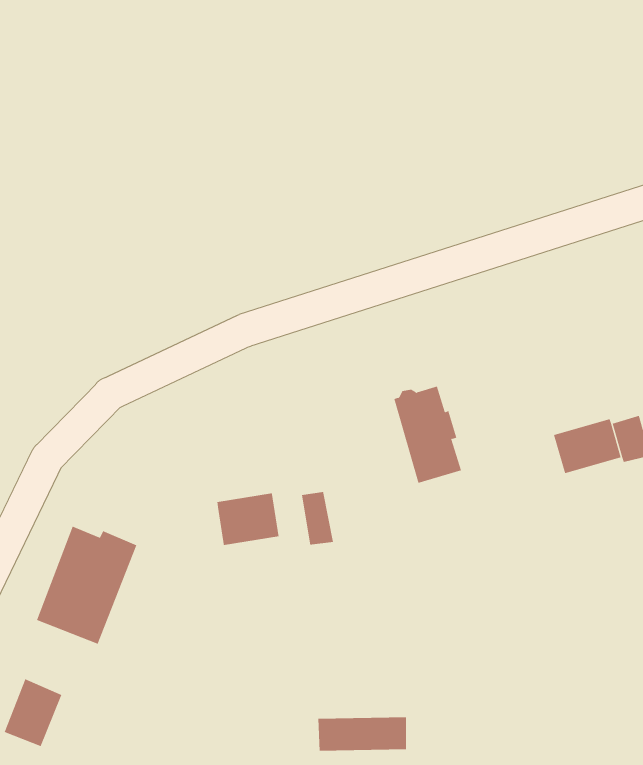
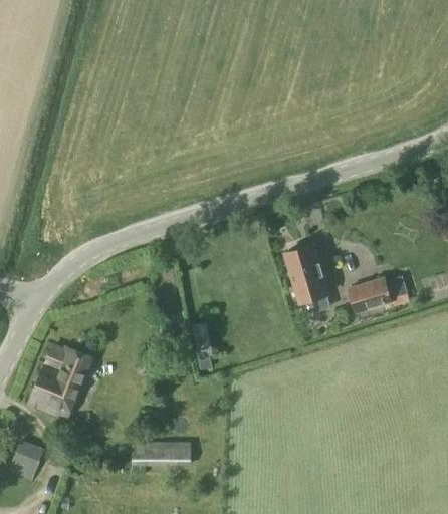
building: [394,386,462,483] -> [285,245,327,305]
building: [217,493,279,546] -> none
building: [317,717,407,751] -> [133,443,188,464]

